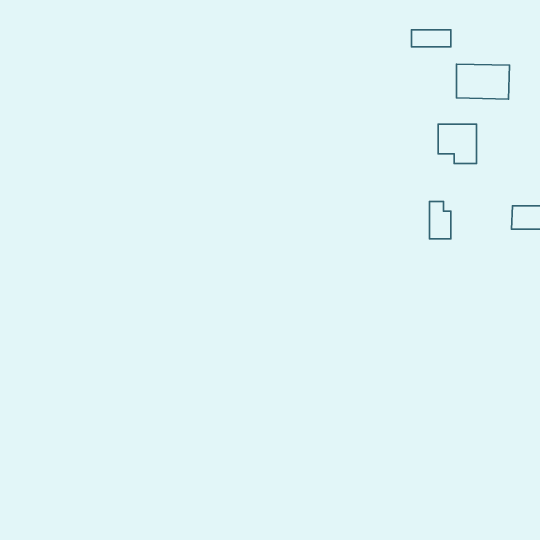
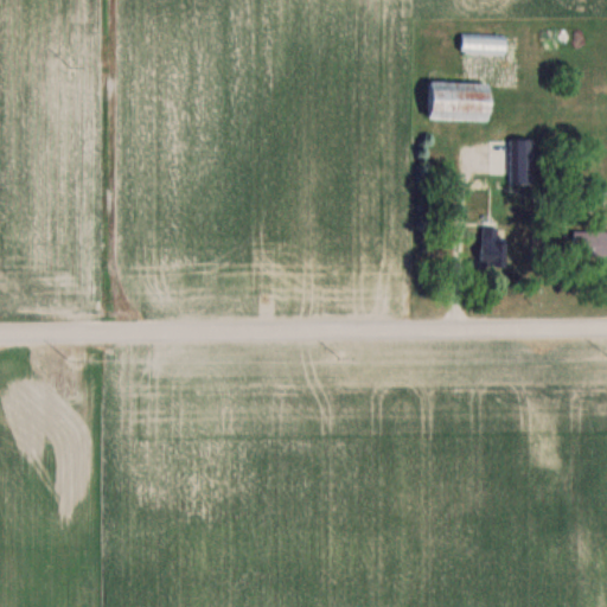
building: [457,64,510,99] -> [430,83,490,122]

